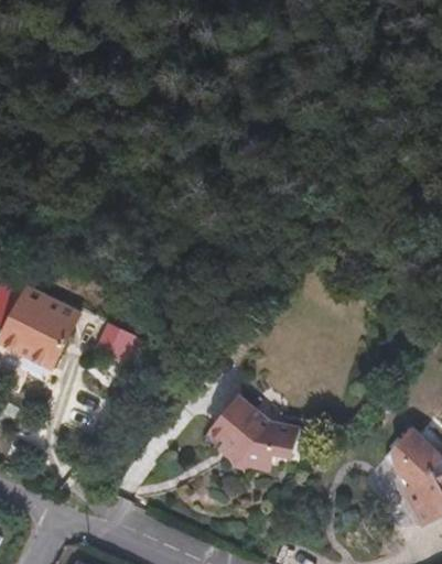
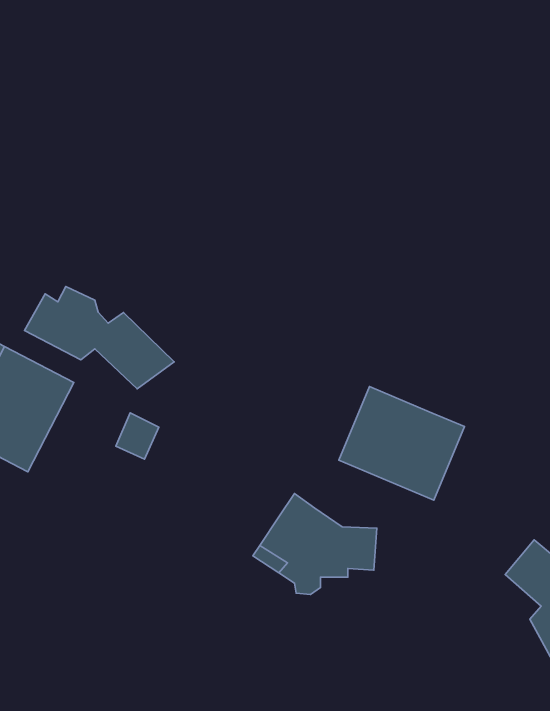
building: none -> [25,286,174,389]
building: none -> [339,387,465,500]

